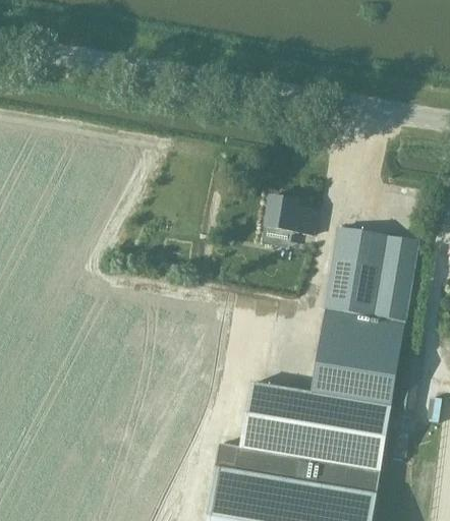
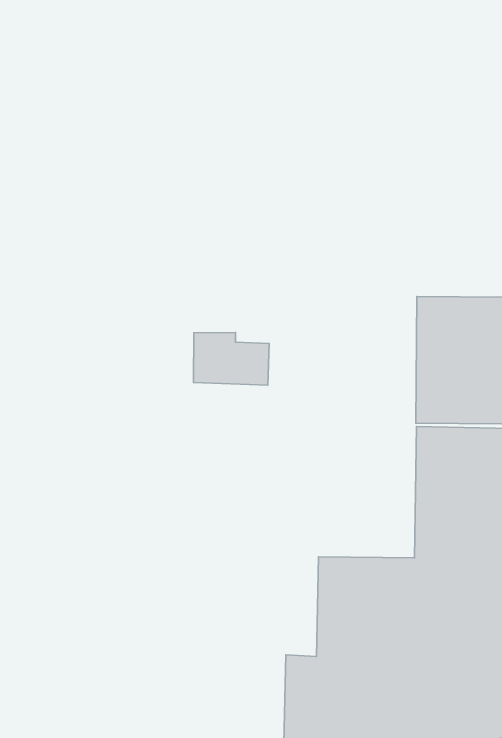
building: [265,195,317,236] -> [194,333,269,385]

